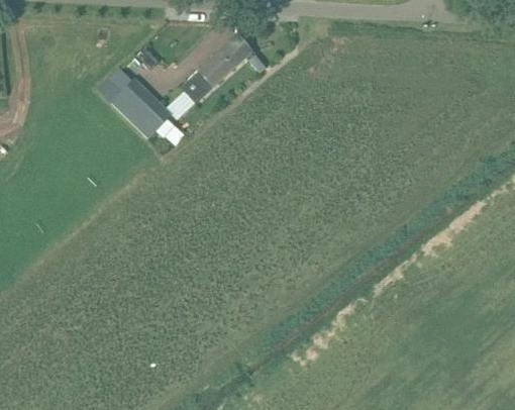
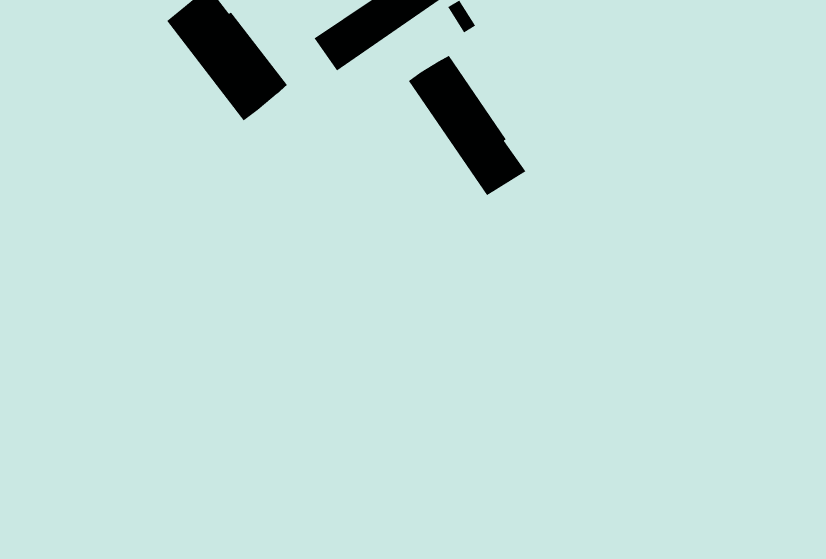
building: none -> [408,55,526,196]

